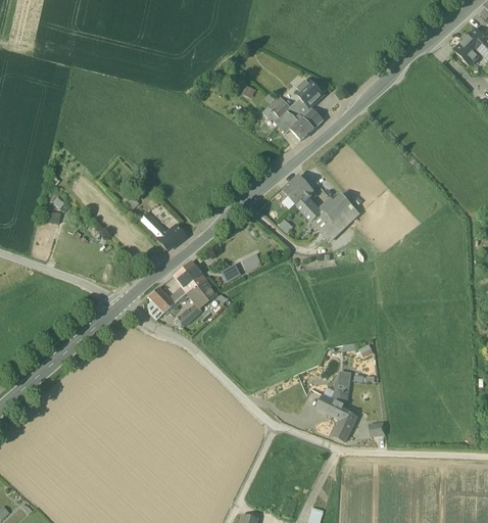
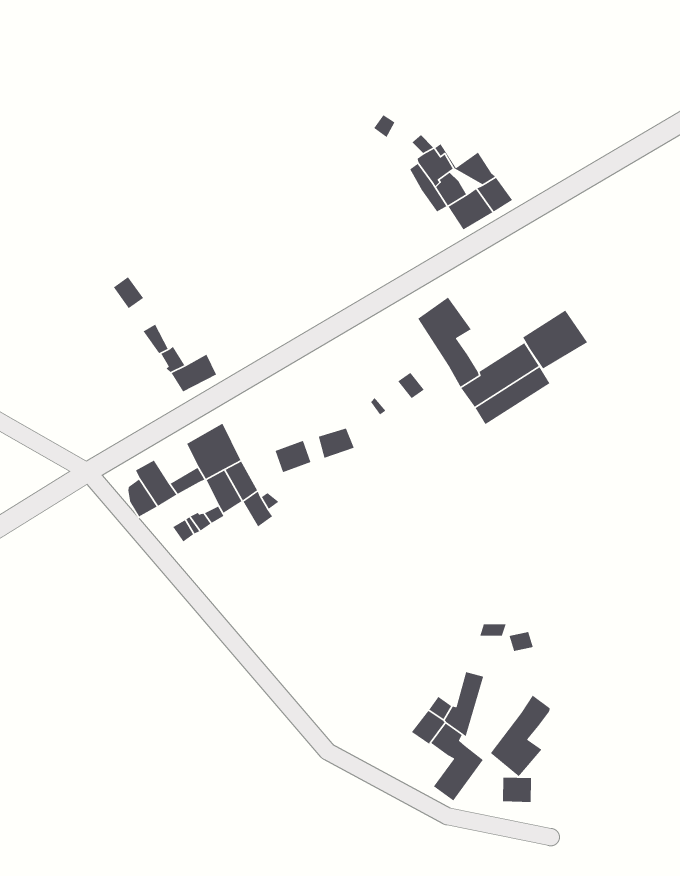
building: [296,80,324,107] -> none
building: none -> [522,309,588,370]
building: none -> [490,694,551,777]

